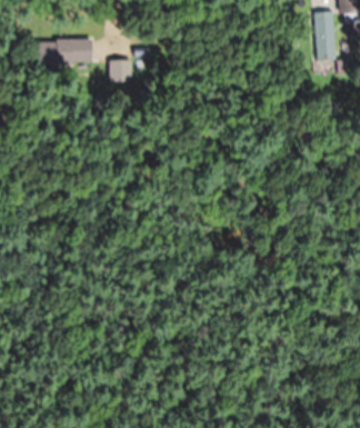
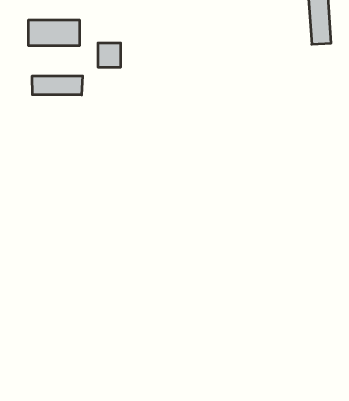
building: none -> [32,76,83,95]

